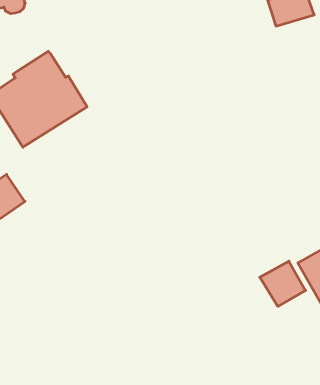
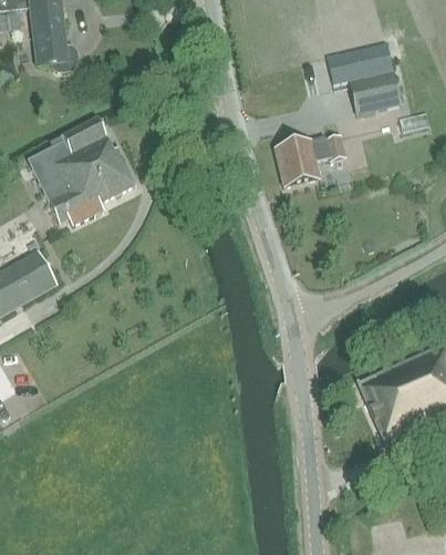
building: none -> [274,135,346,187]
building: [260,261,306,306] -> none

